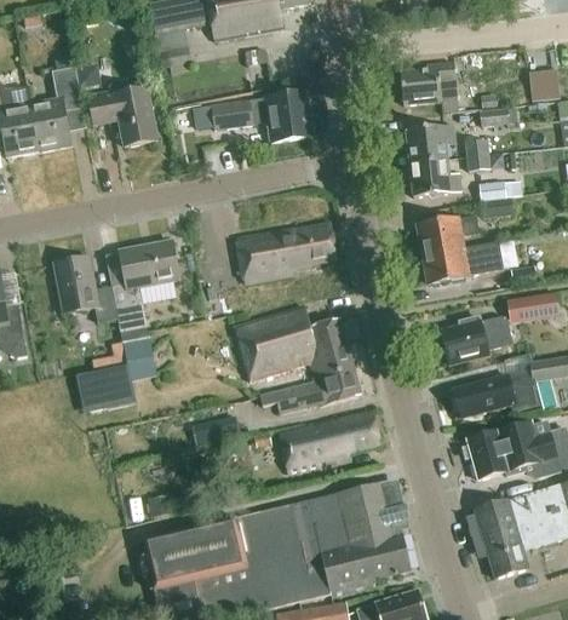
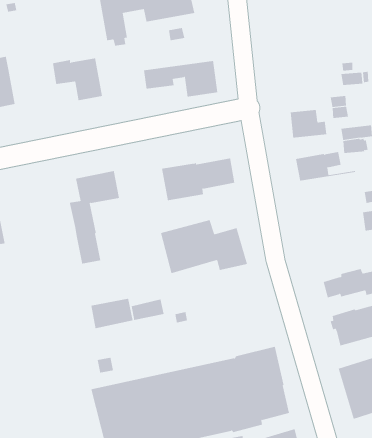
building: [29,54,81,150] -> none
building: [400,62,457,104] -> none
building: [406,124,454,161] -> none
building: [423,242,504,282] -> none
building: [53,256,117,321] -> none
building: [441,315,511,362] -> none
building: [258,367,360,413] -> none
building: [78,369,136,411] -> [91,298,133,329]
building: [279,412,379,472] -> none

